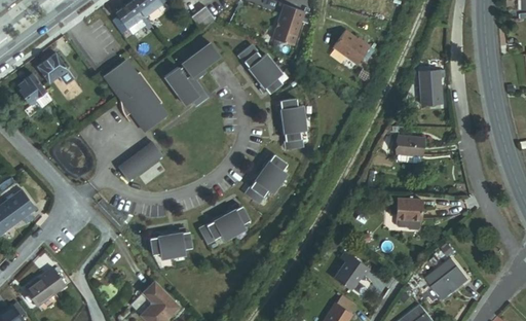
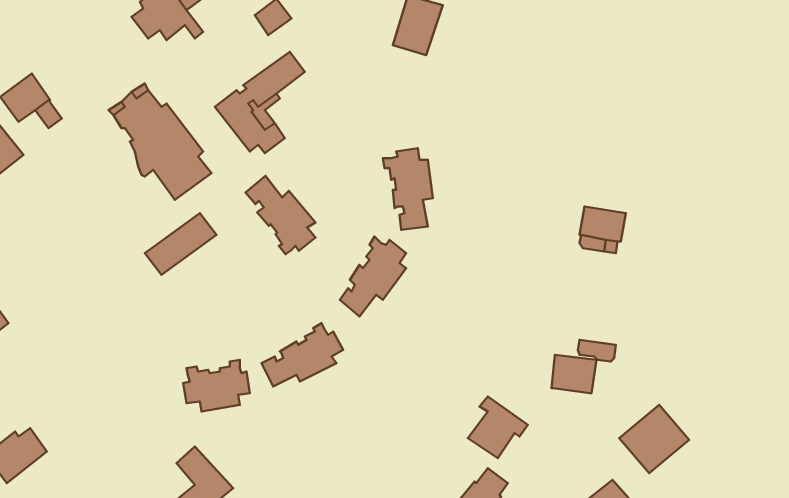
building: [335,31,372,64] -> none
building: [235,46,278,95] -> [246,176,315,254]
building: [425,75,446,107] -> none
building: [392,197,420,220] -> [551,355,596,393]

